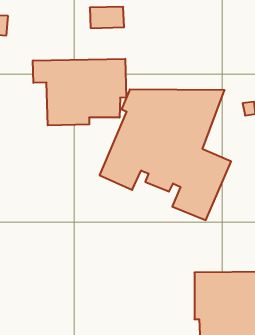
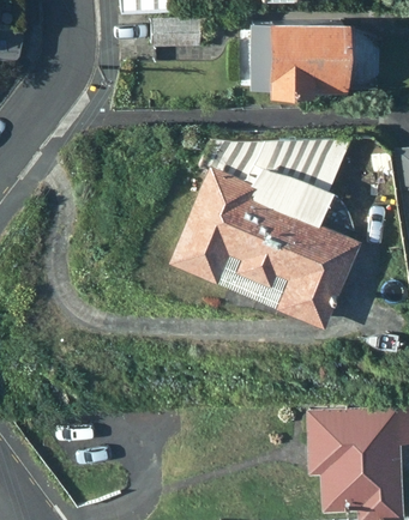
building: none -> [260,23,341,95]
building: [33,59,126,125] -> none

